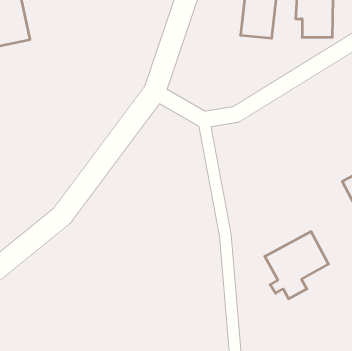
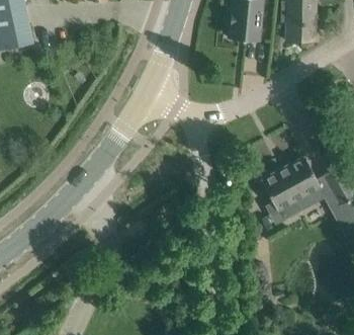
building: [265,232,329,299] -> [260,157,320,220]

